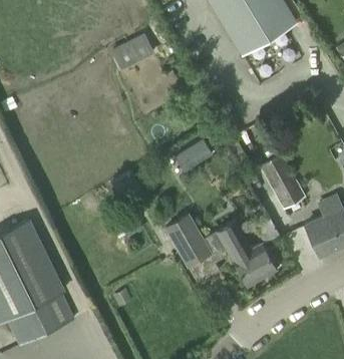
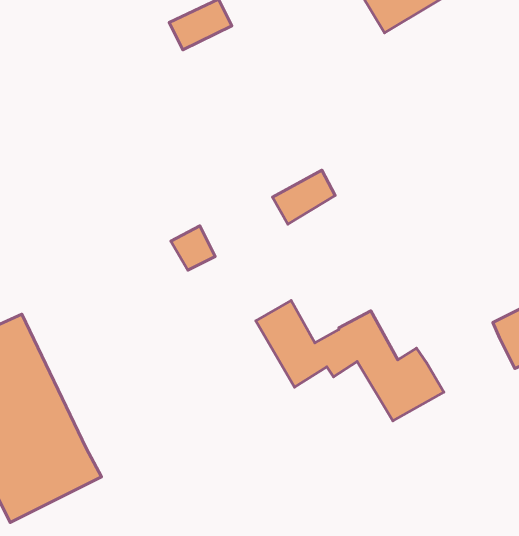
building: [260,154,307,210] -> none

